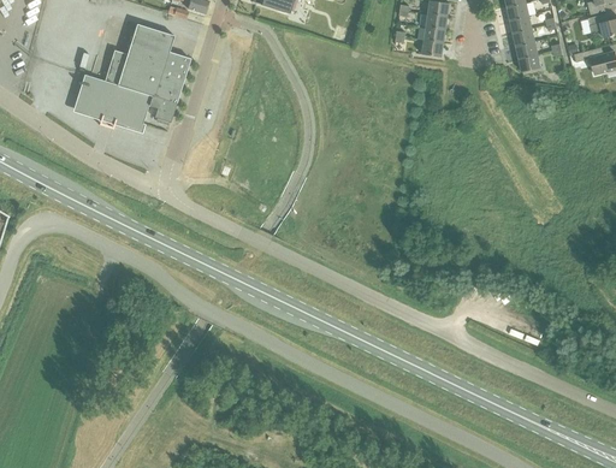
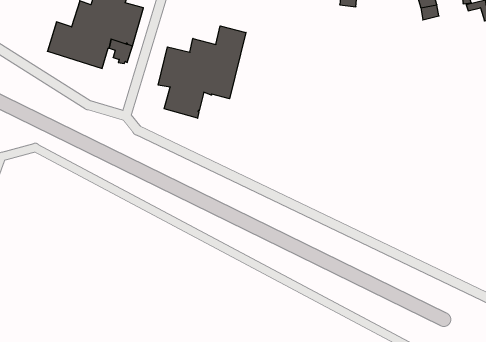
building: none -> [158,26,246,118]

